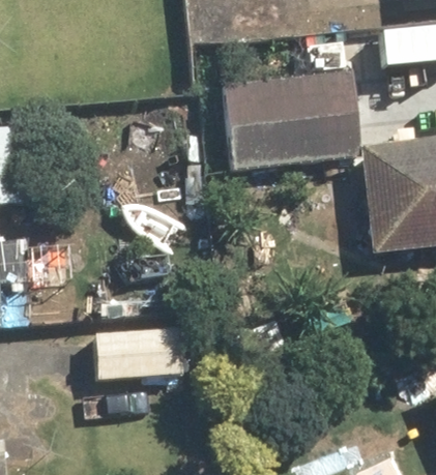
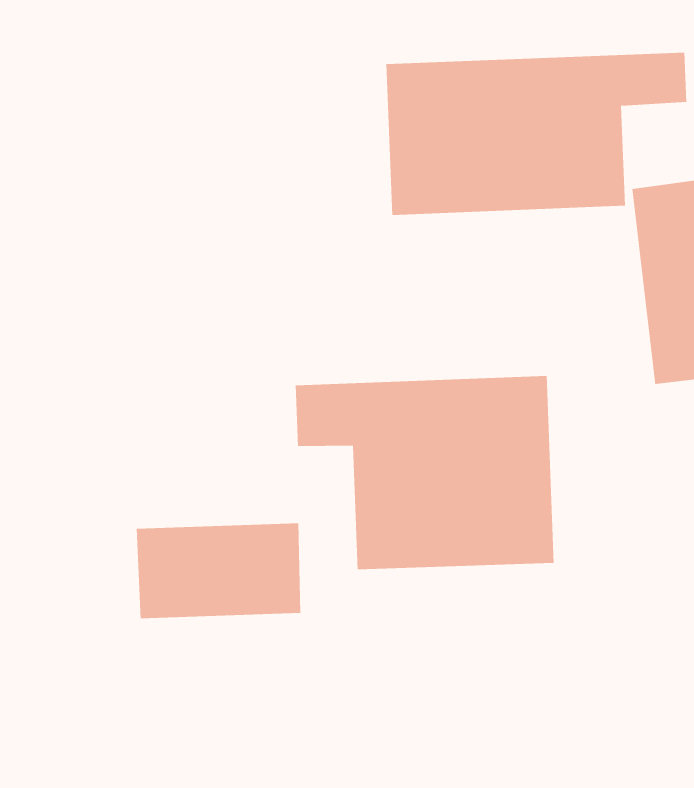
building: none -> [295,375,554,570]

